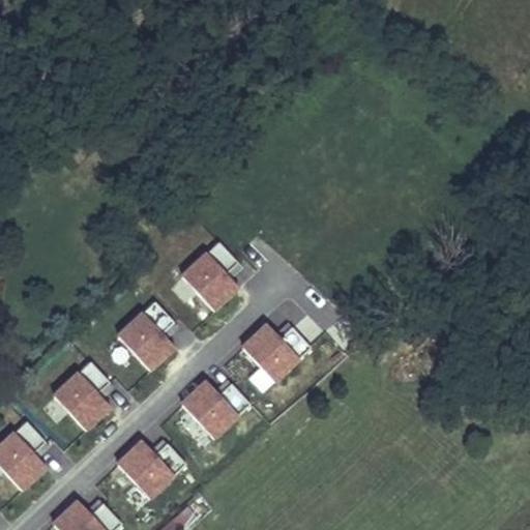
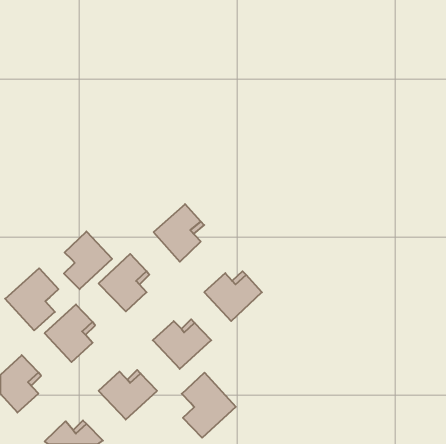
building: none -> [64,231,112,289]
building: none -> [5,268,58,330]
building: none -> [182,373,236,438]

